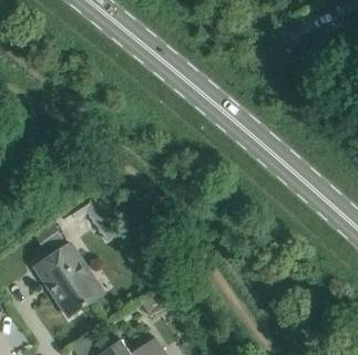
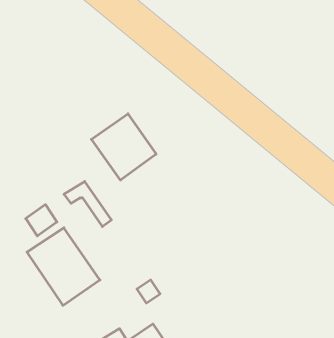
building: none -> [91,114,156,180]

